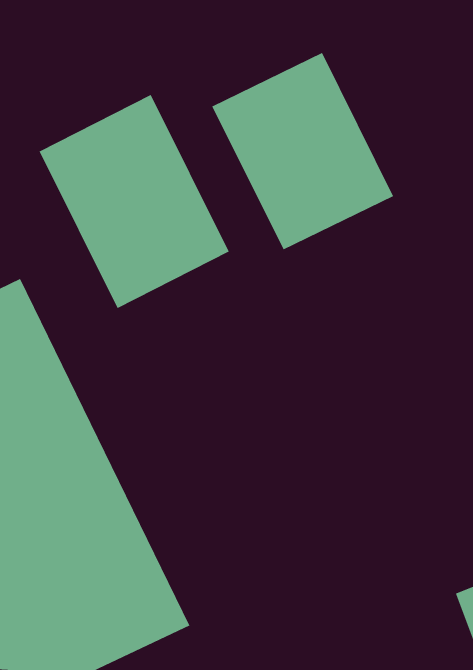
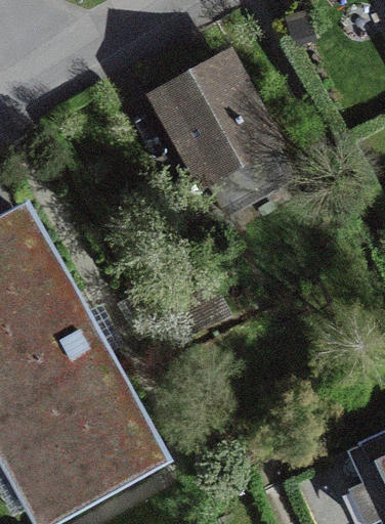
building: [39,94,230,309] -> none

